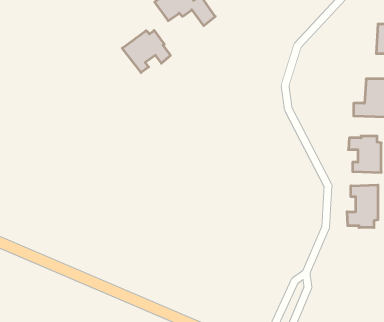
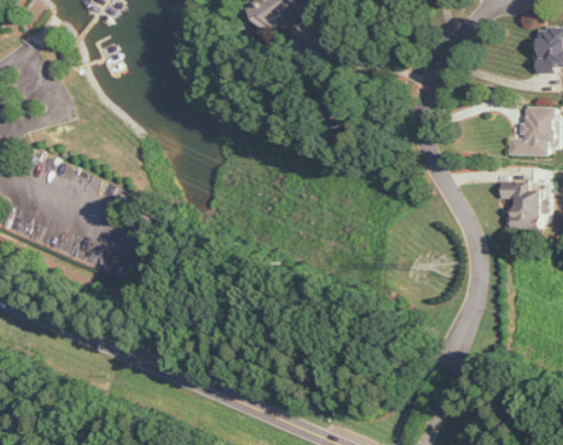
building: [122,30,170,73] -> none
building: [347,185,378,228] -> none

